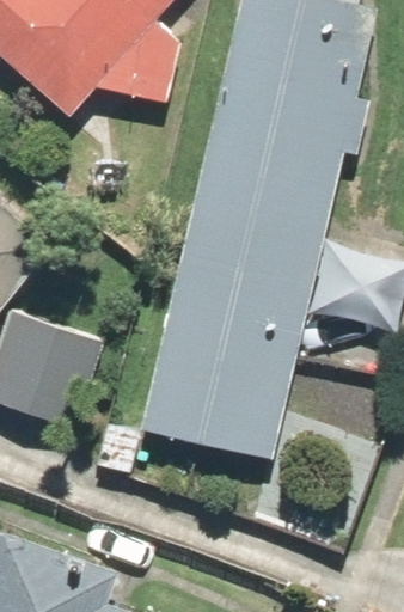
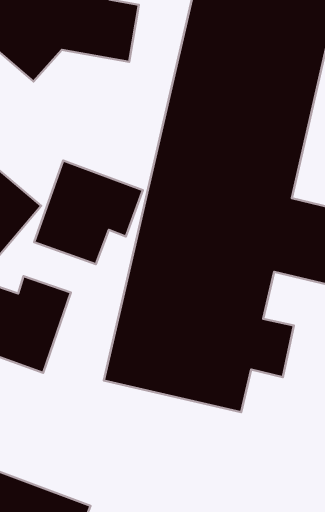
building: none -> [34,160,143,264]

